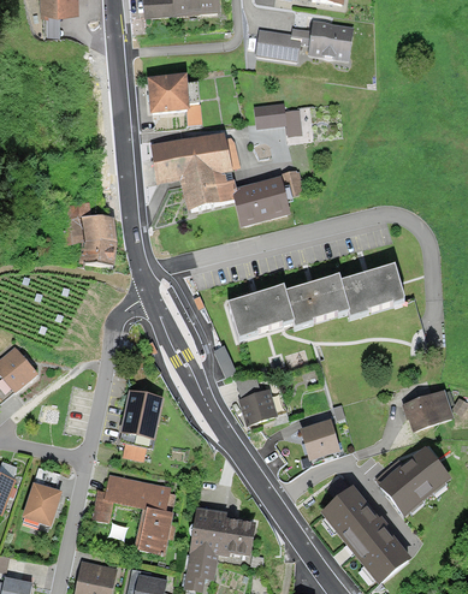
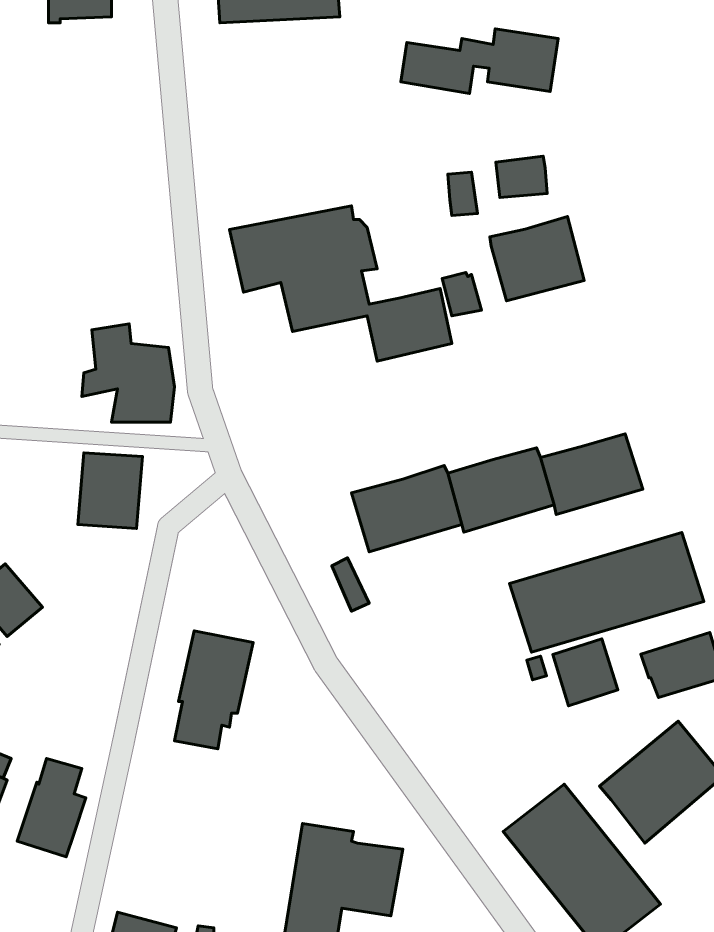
building: [146,72,200,123] -> none
building: [254,102,285,127] -> [496,156,547,197]
building: none -> [490,217,584,301]
building: none -> [78,453,142,528]
building: none -> [509,533,704,652]
building: [235,379,276,424] -> none
building: [300,418,339,459] -> [553,639,618,706]
building: [89,475,176,554] -> none

